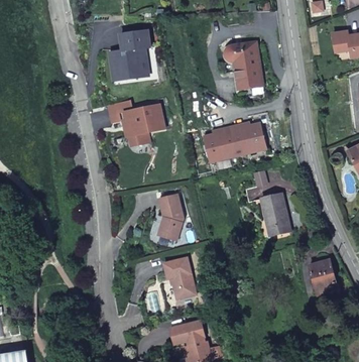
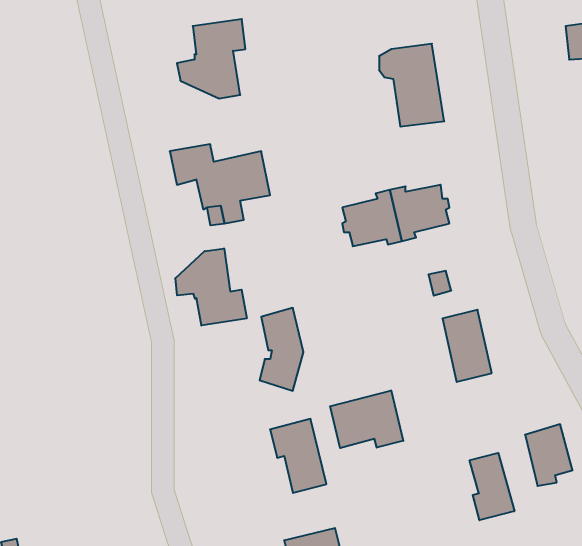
building: none -> [175,248,247,326]
building: none -> [330,390,403,448]
building: none -> [470,453,514,520]

